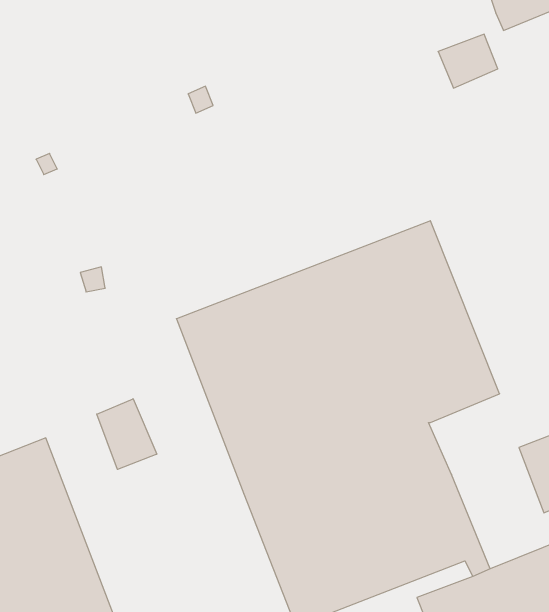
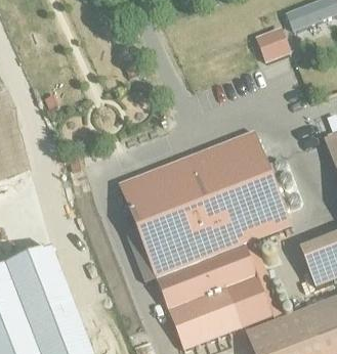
building: [97,399,157,469] -> none

